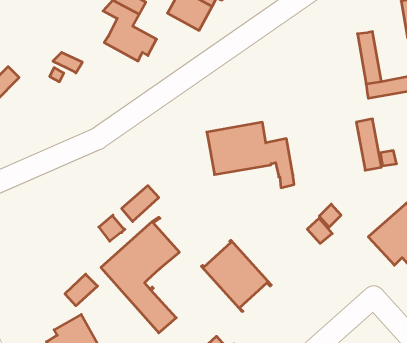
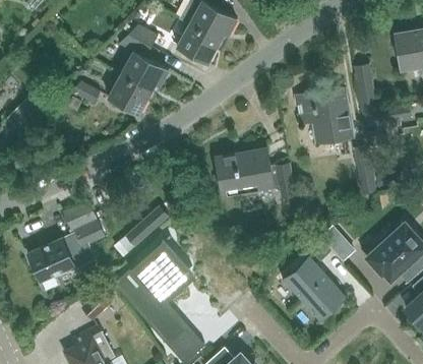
building: none -> [108,74,150,114]
building: none -> [296,89,353,144]
building: none -> [26,201,105,282]
building: [201,240,271,311] -> [282,255,347,321]

